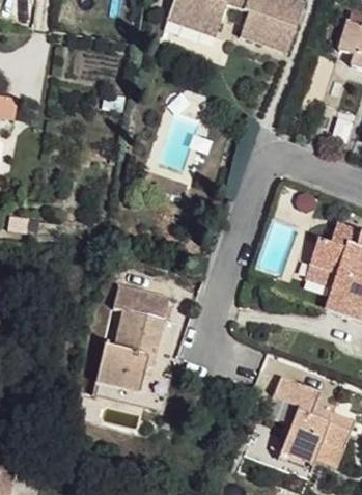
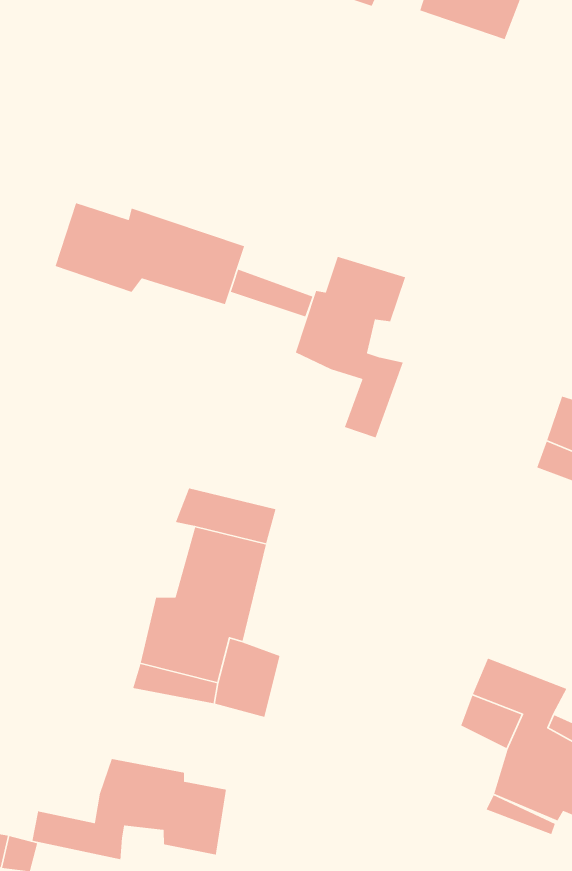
building: none -> [55,202,245,305]
building: none -> [295,256,406,438]
building: none -> [31,758,227,860]

